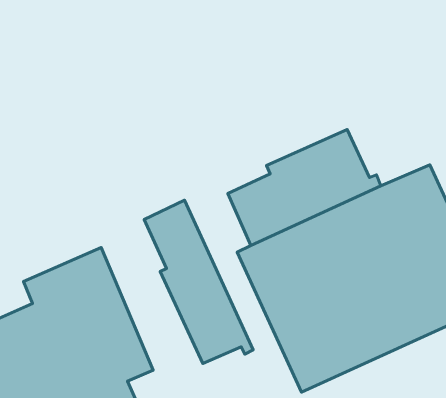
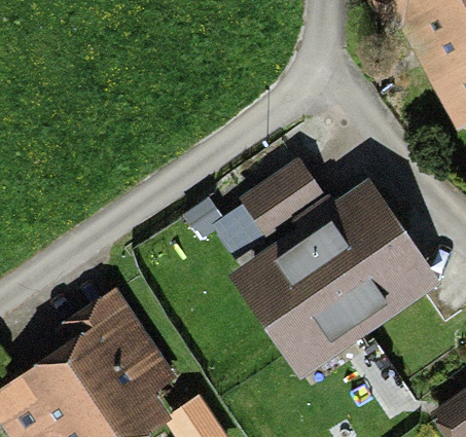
building: [144,200,253,364] -> none

